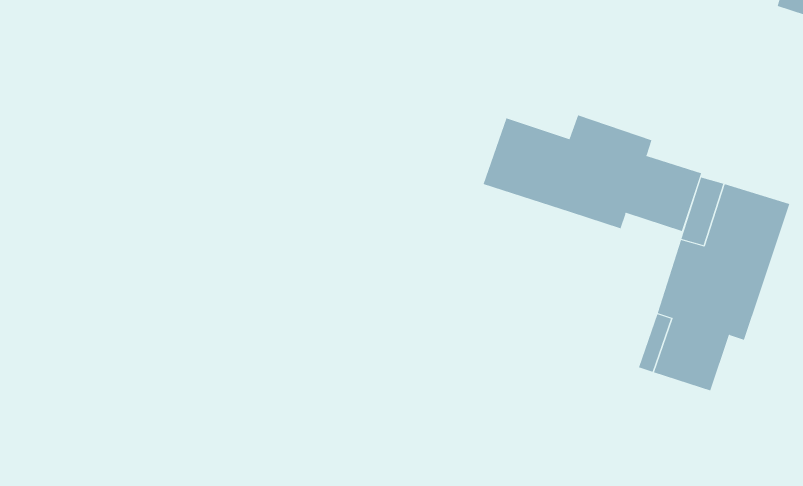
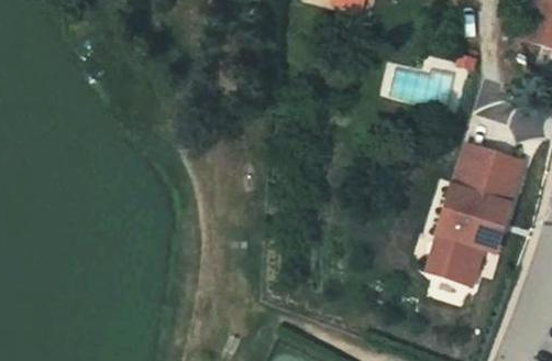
building: [483,115,702,232] -> none

